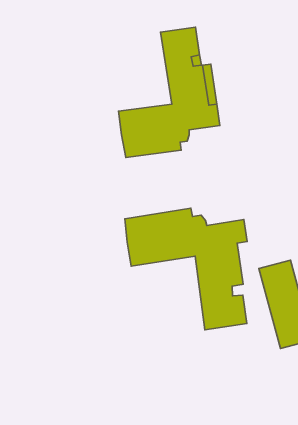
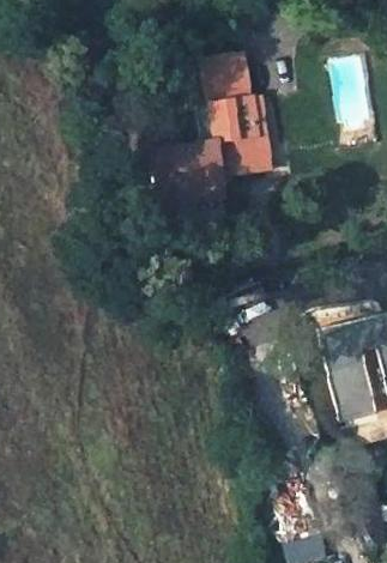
building: [125,208,247,330] -> none

